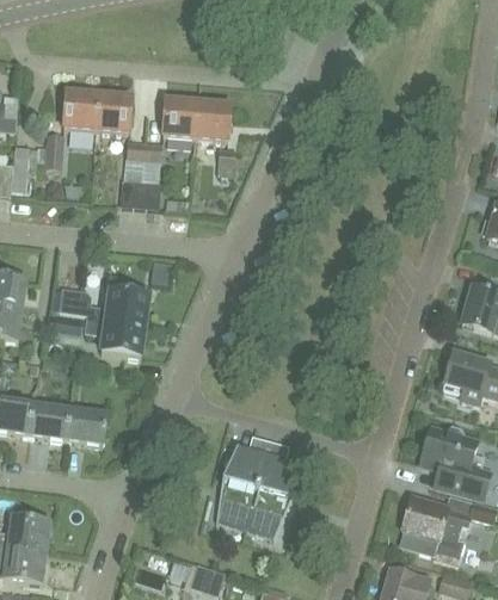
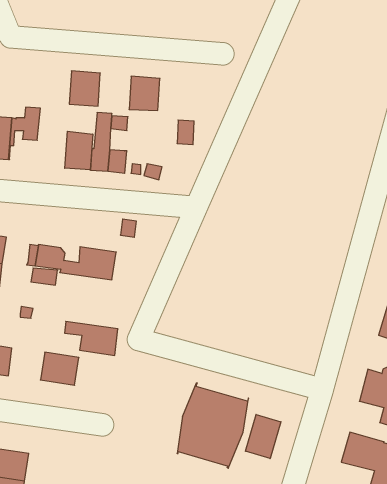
building: [63,89,98,129] -> none
building: [195,100,229,138] -> none
building: none -> [65,131,93,170]
building: [84,317,143,355] -> [65,321,118,355]
building: [27,402,68,438] -> none
building: none -> [245,414,281,459]

